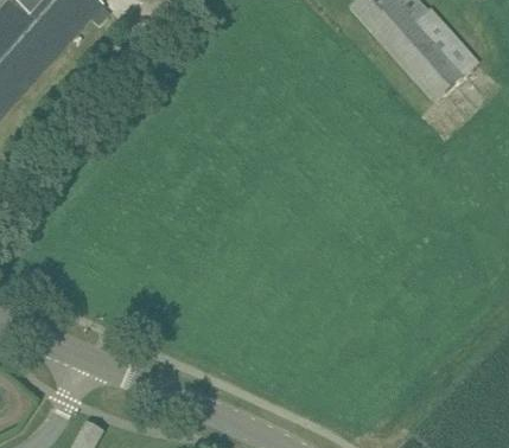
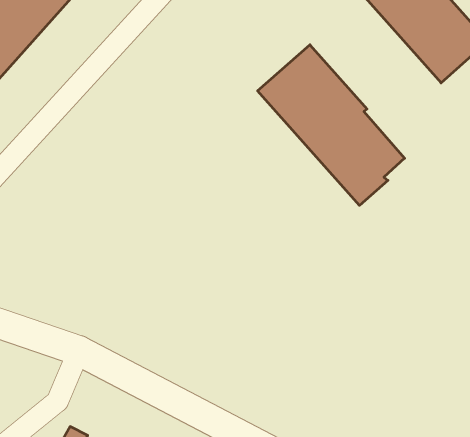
building: none -> [258,45,405,205]

